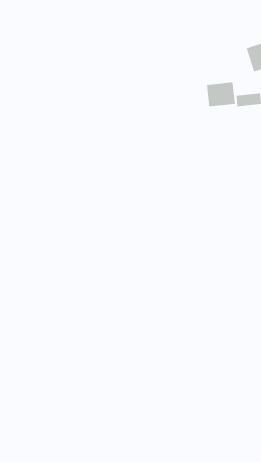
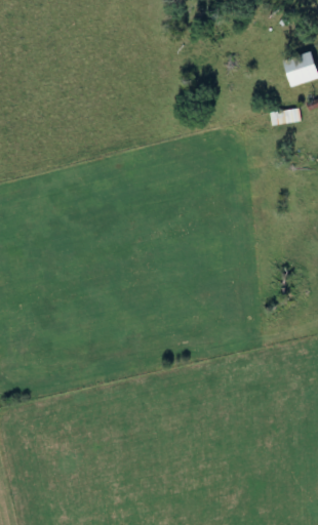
building: [207,81,235,107] -> none

